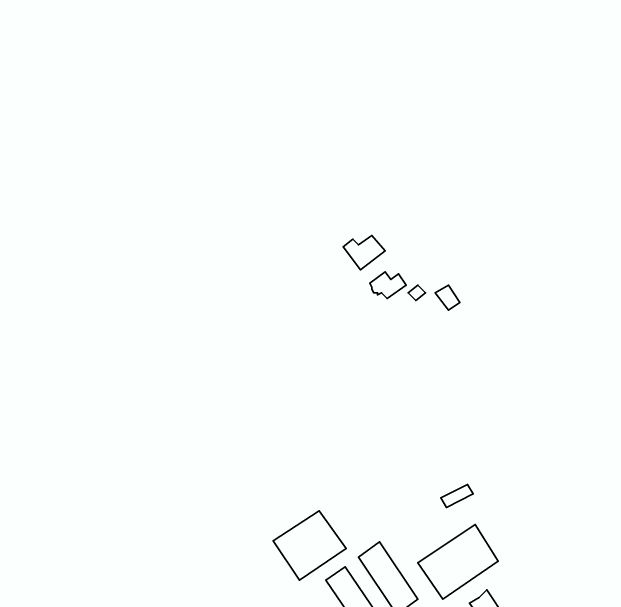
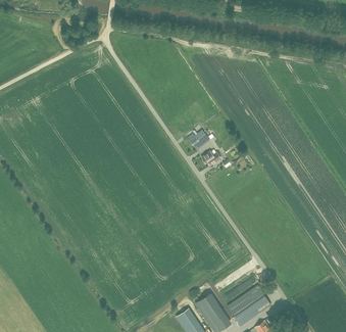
building: [273,511,346,580] -> none

